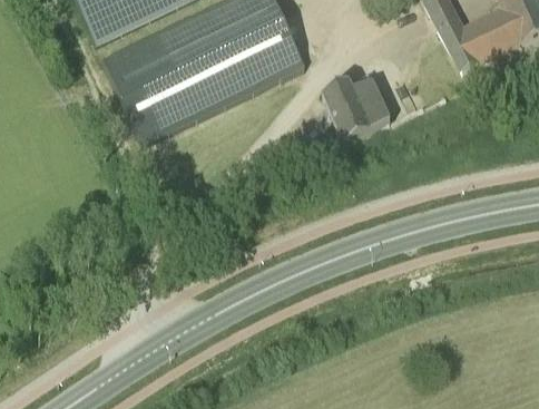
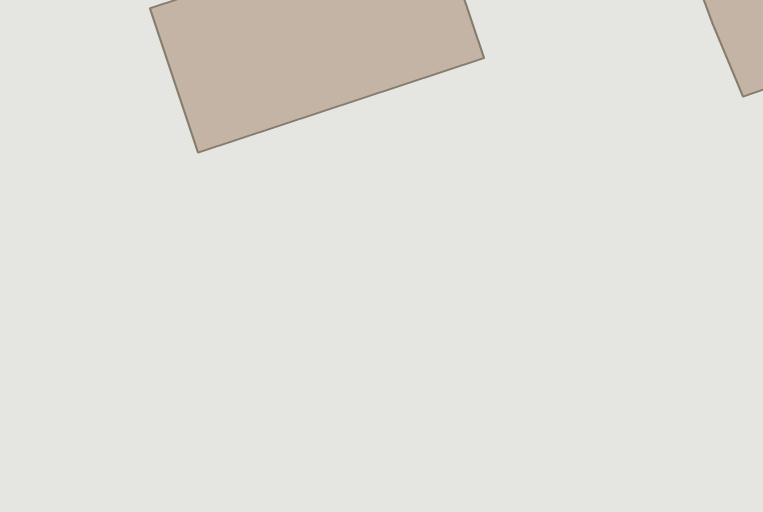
building: [323,74,391,142] -> none

